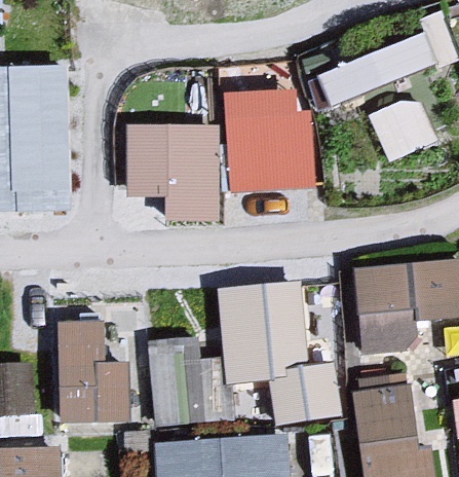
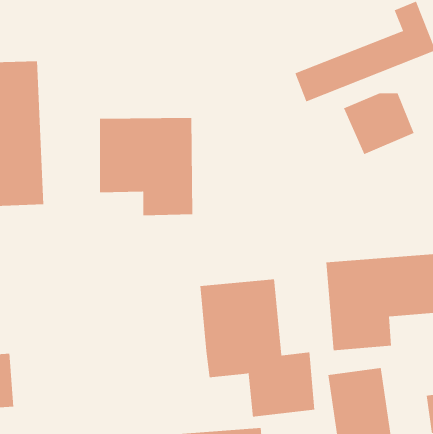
building: [222,87,319,189] -> none
building: [52,322,131,426] -> none
building: [147,335,235,425] -> none

